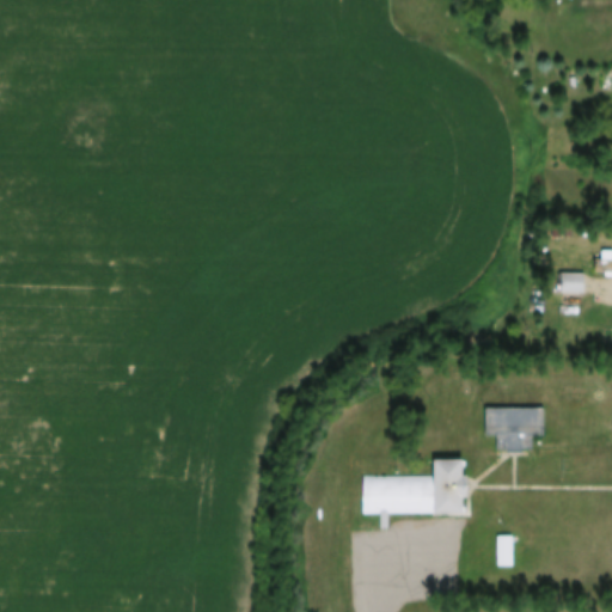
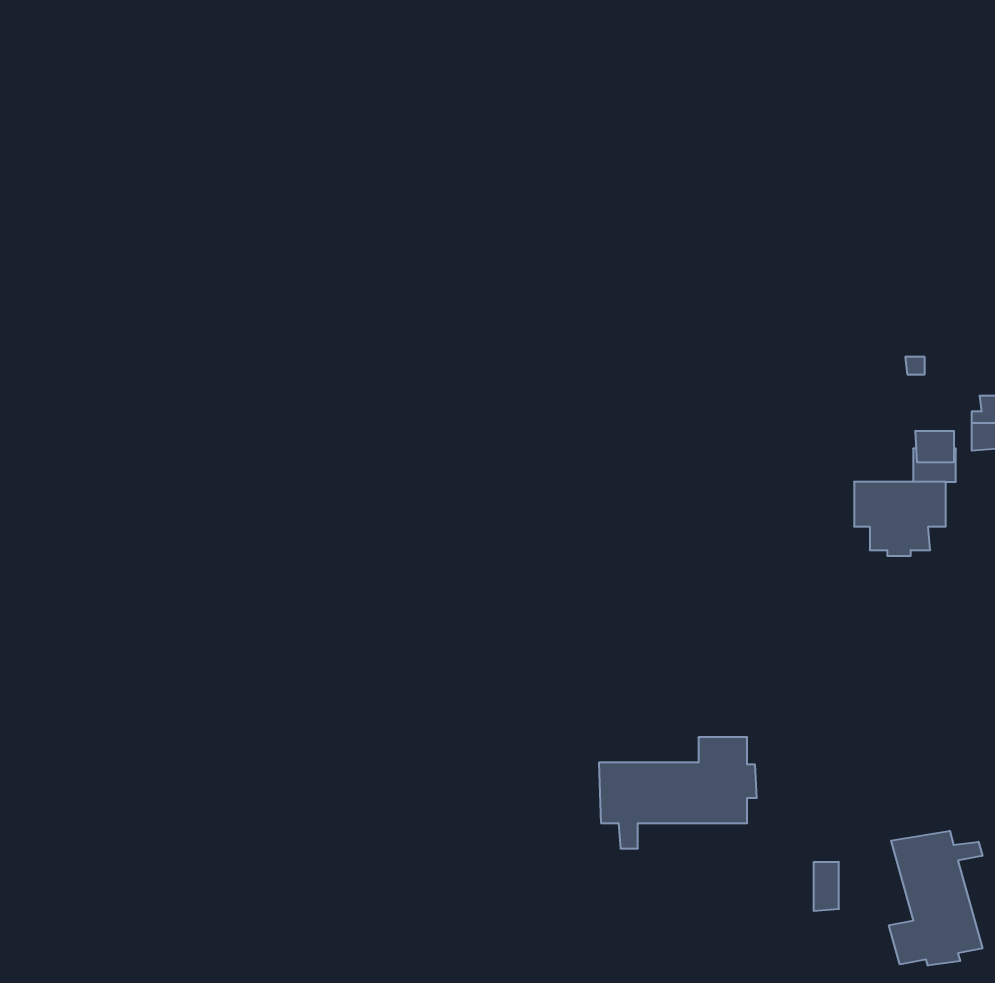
building: [486,408,543,453] -> [854,482,946,556]
building: none -> [889,831,982,966]

